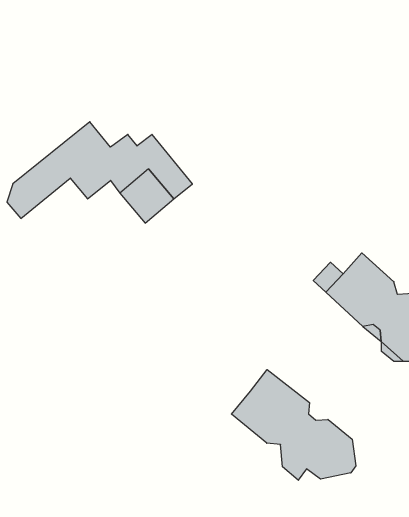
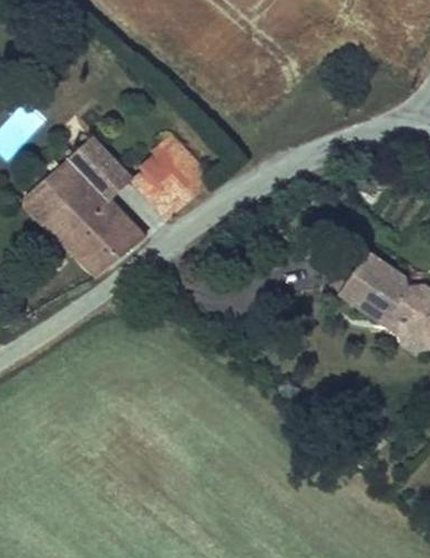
building: none -> [45,178,142,277]
building: [231,370,356,480] -> none

